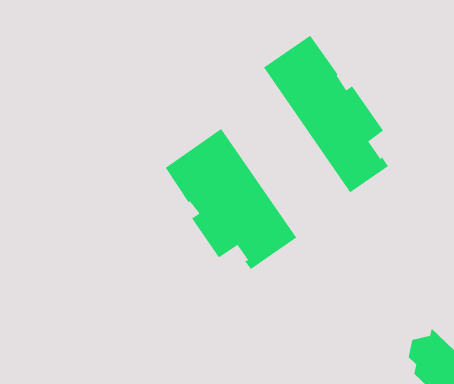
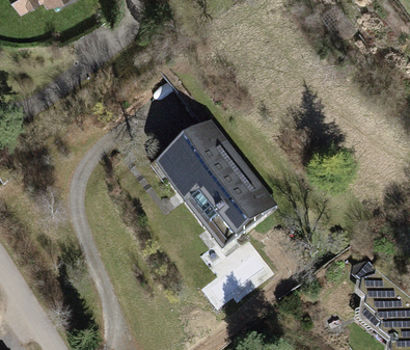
building: [263,35,389,193] -> none

